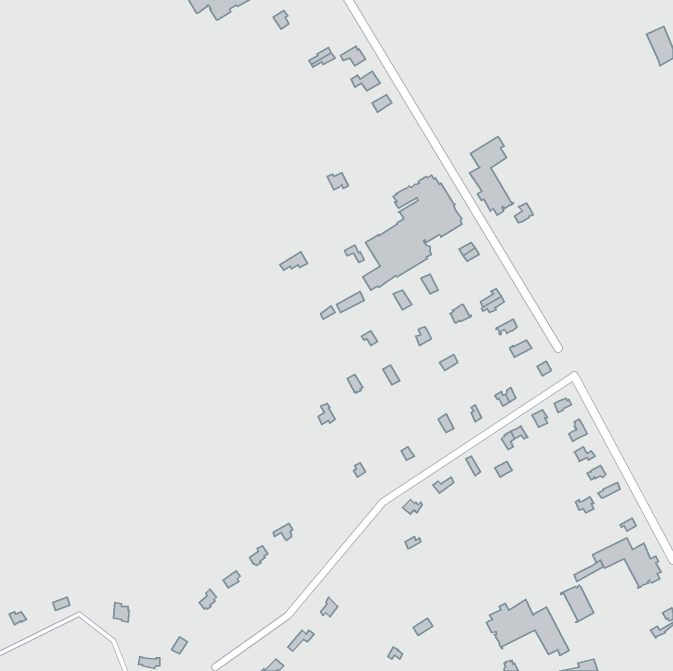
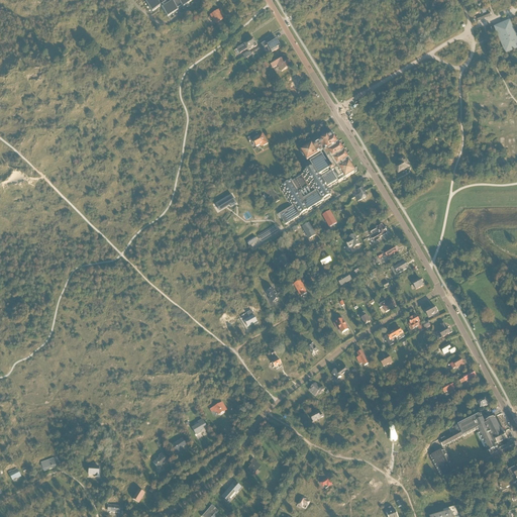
building: [469,136,513,215] -> none
building: [486,599,569,655] -> none

